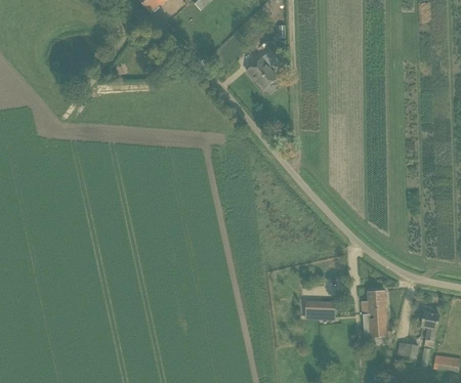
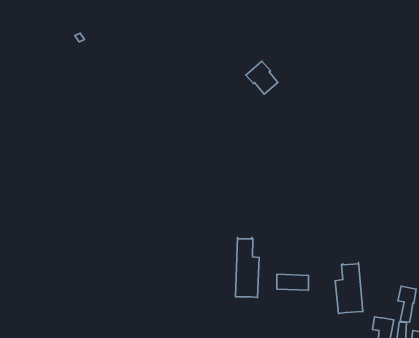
building: [246,56,277,88] -> [246,61,278,94]
building: none -> [235,237,259,298]

